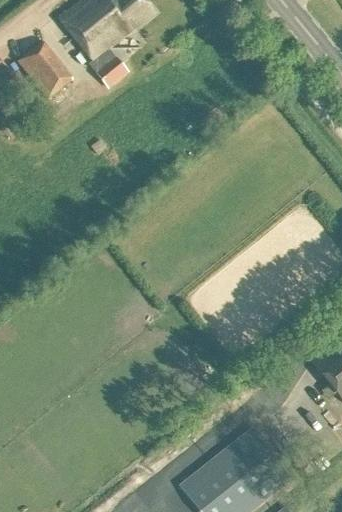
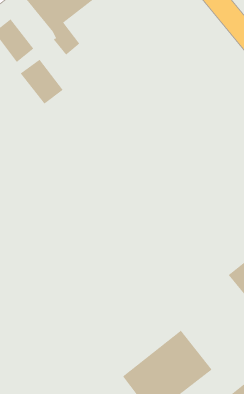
building: none -> [20,59,63,105]

